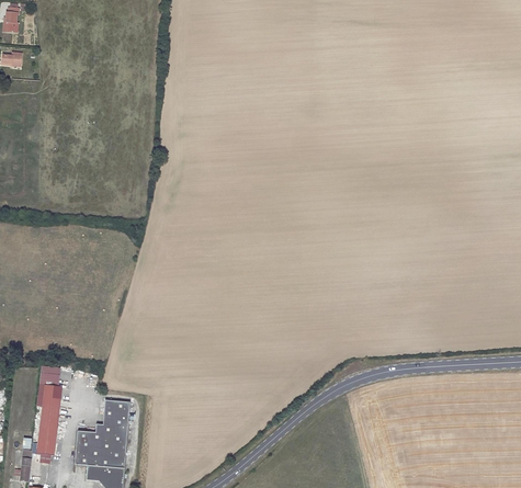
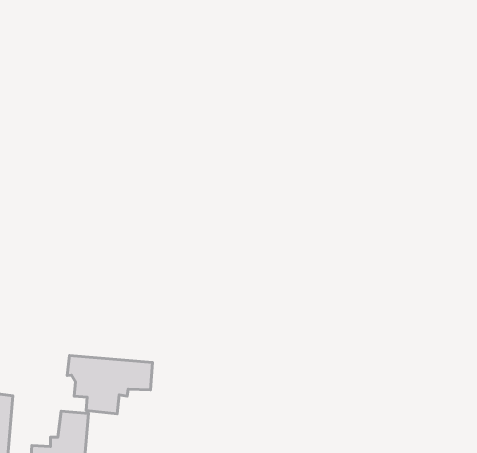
building: none -> [67,356,153,414]

